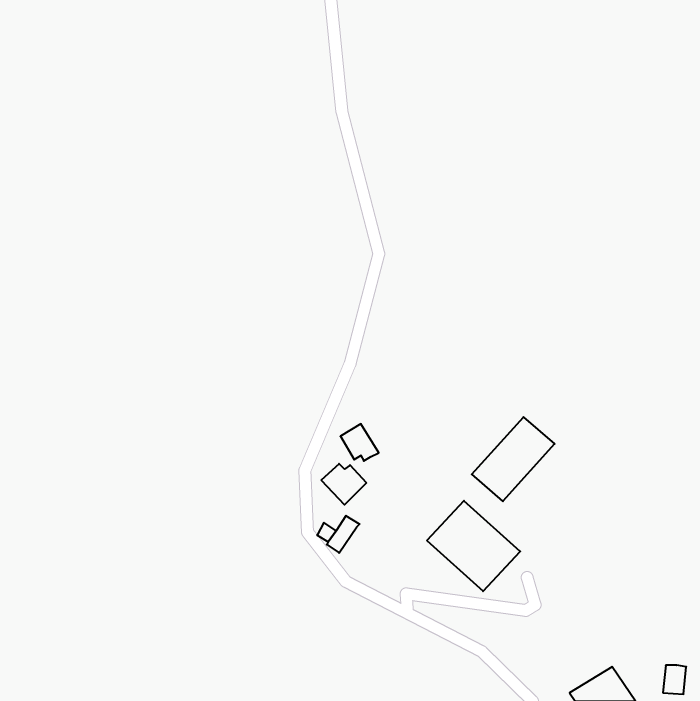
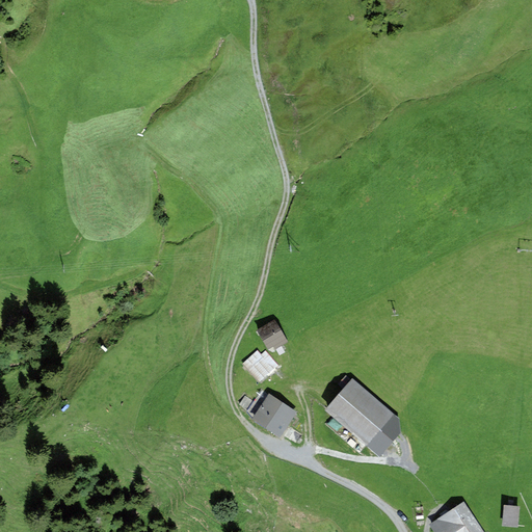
building: [472,417,555,501] -> none
building: none -> [258,399,293,433]
building: none -> [367,418,402,457]

